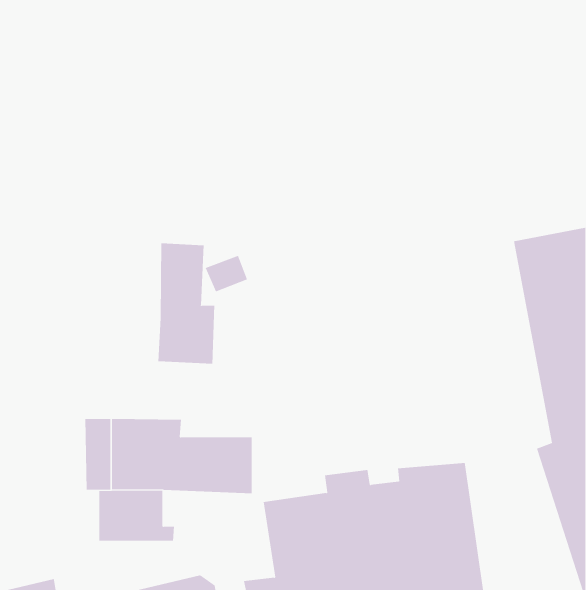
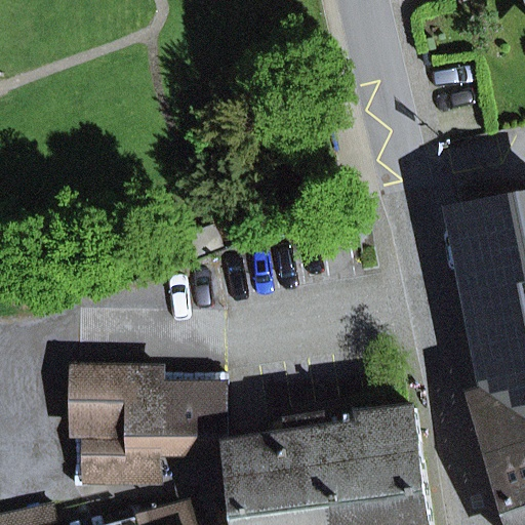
building: [158,242,215,365] -> none

